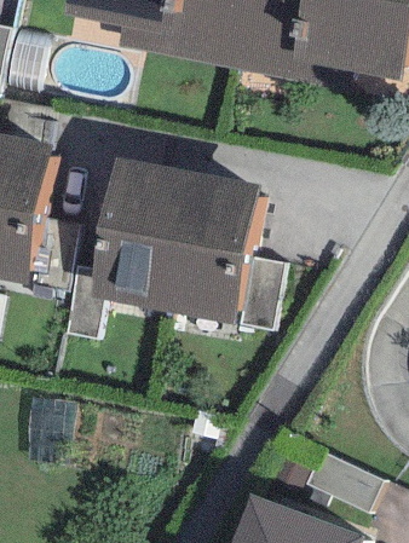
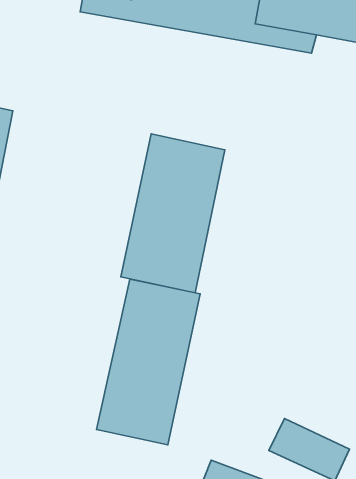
building: [86,154,190,310] -> none
building: none -> [96,279,200,445]

